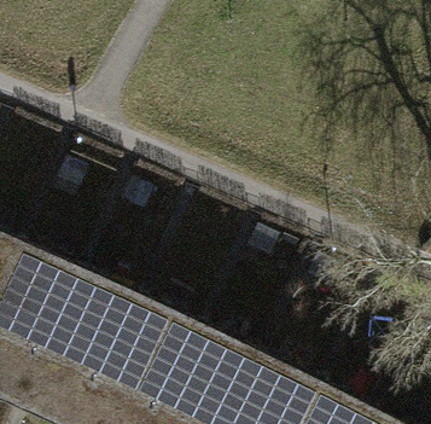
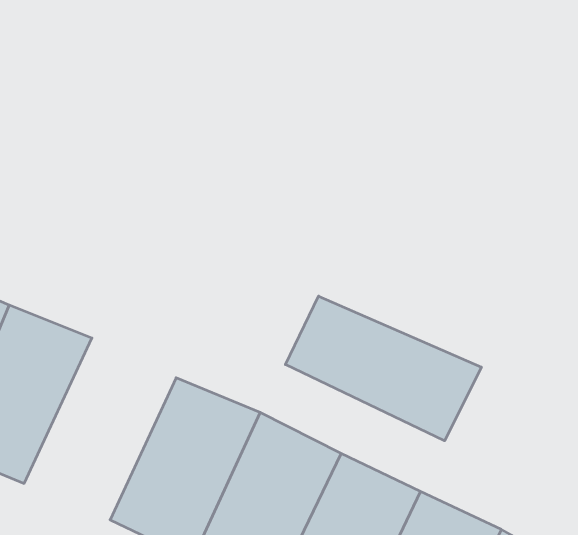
building: none -> [285,296,481,441]
building: [18,273,129,406] -> none

